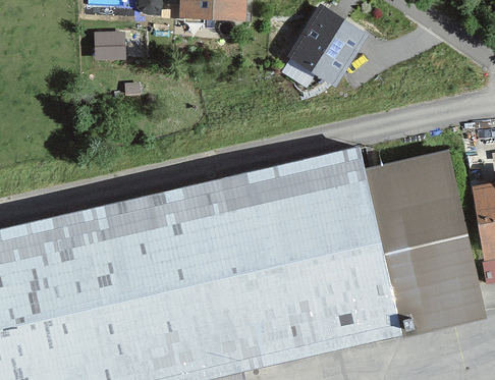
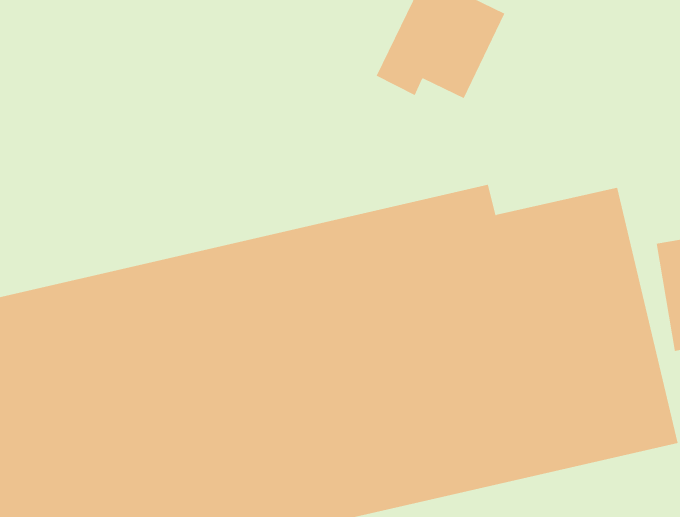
building: [95,34,126,61] -> none

